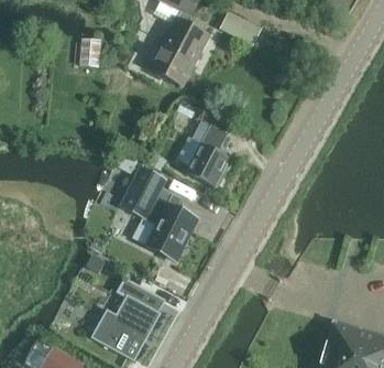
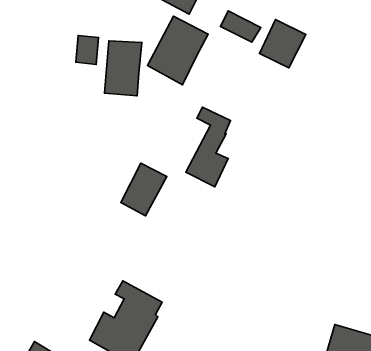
building: none -> [260,19,306,68]
building: none -> [105,41,142,96]
building: [144,193,198,261] -> none

